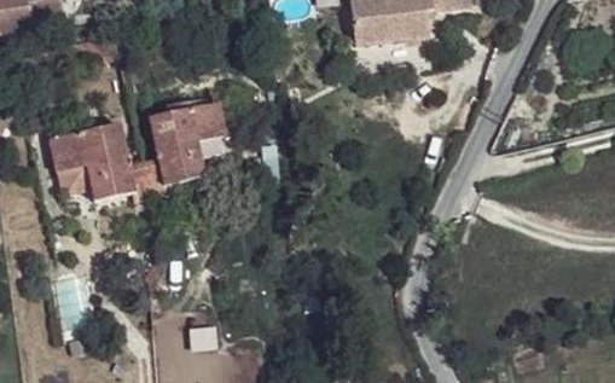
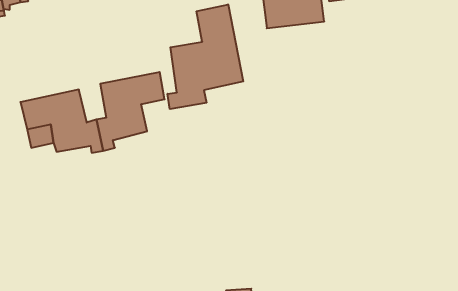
building: none -> [168,4,243,109]

